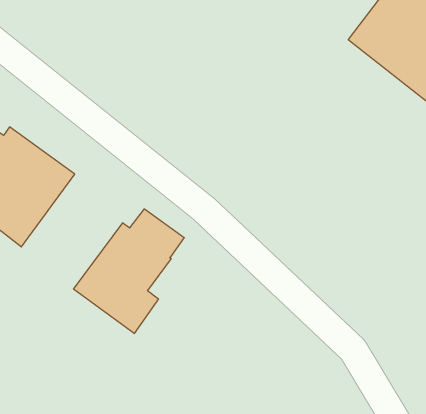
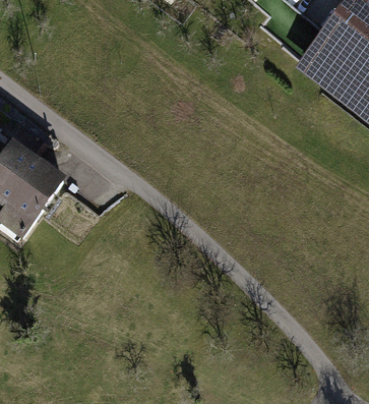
building: [74,209,184,334] -> none

